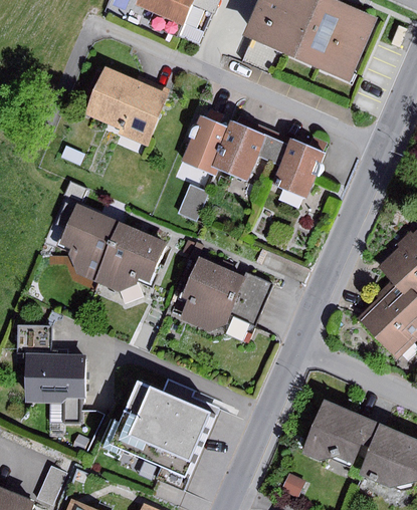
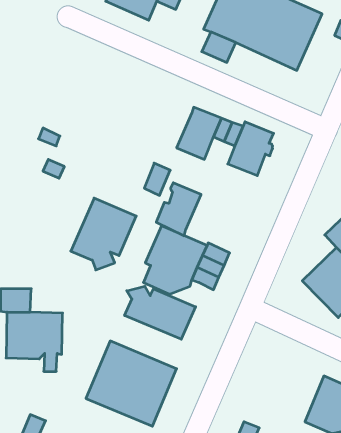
building: [85,67,171,146] -> none
building: [181,115,231,175] -> [156,183,201,236]
building: [61,205,122,283] -> none
building: none -> [125,286,196,339]
building: [300,401,379,463] -> none

